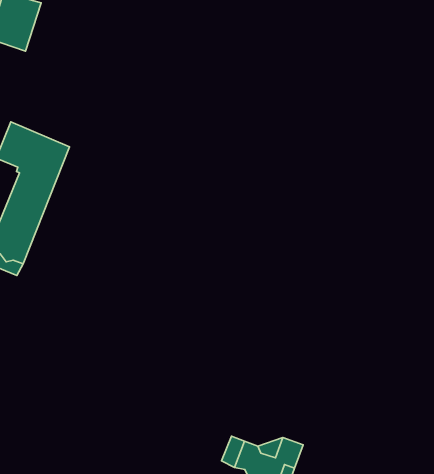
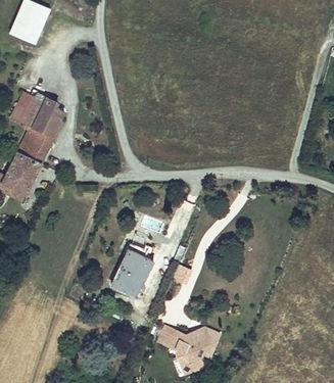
building: none -> [111,243,150,296]

